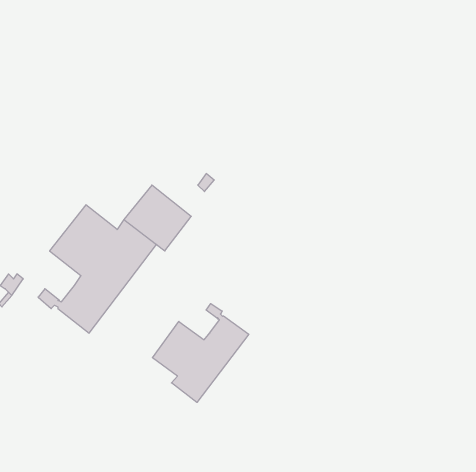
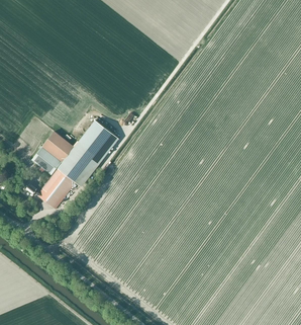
building: [152,304,249,402] -> none

